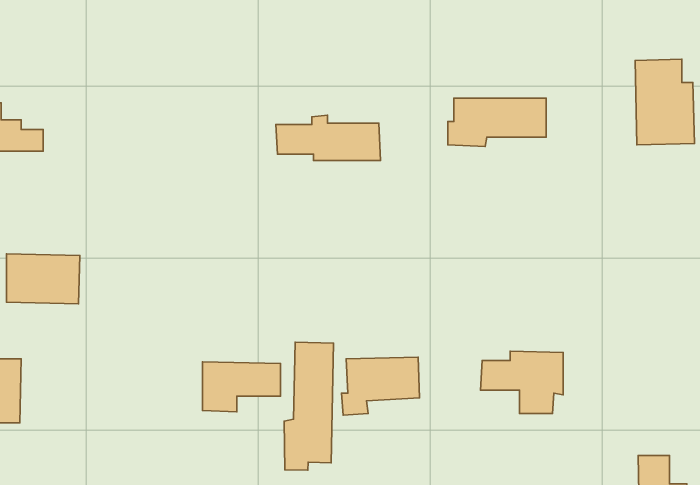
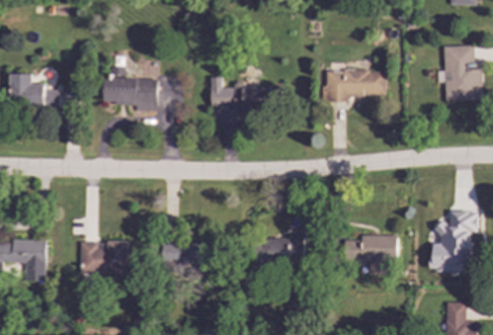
building: none -> [101,67,158,110]
building: [7,254,80,304] -> [80,241,128,273]
building: none -> [431,210,478,271]
building: [284,342,334,470] -> none

